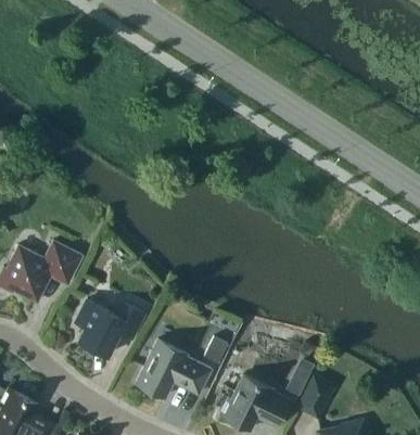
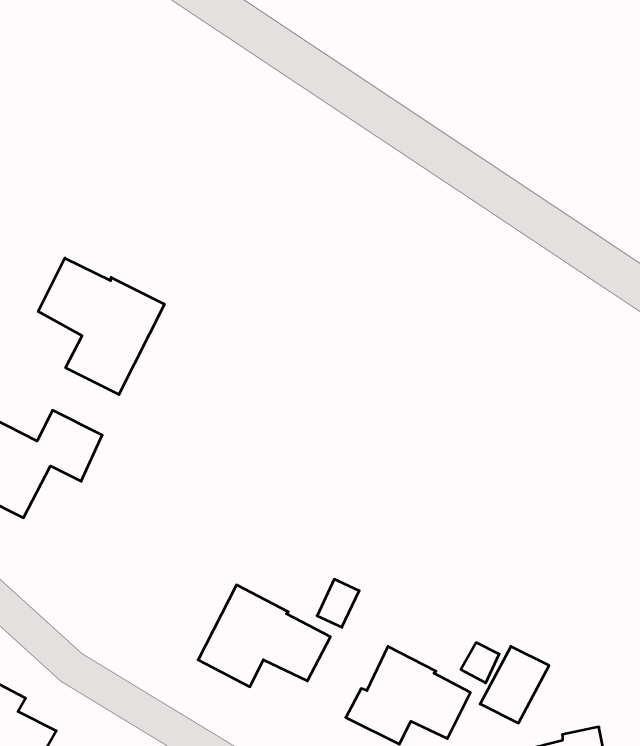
building: none -> [38,258,164,395]
building: [75,299,144,356] -> none

